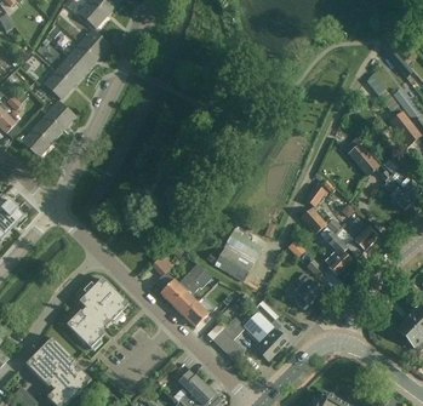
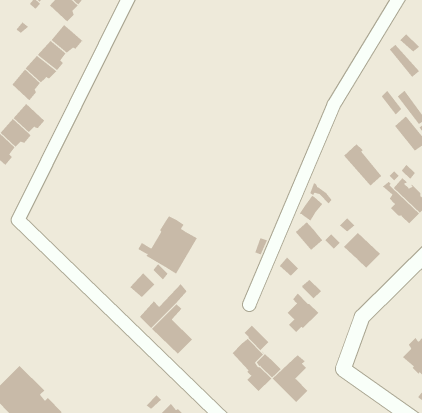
building: [319,227,351,275] -> none
building: [207,228,262,281] -> [138,215,198,275]
building: [67,278,128,348] -> none
building: [212,318,245,361] -> [272,354,308,403]

